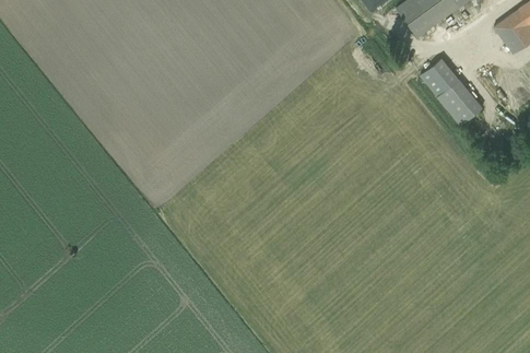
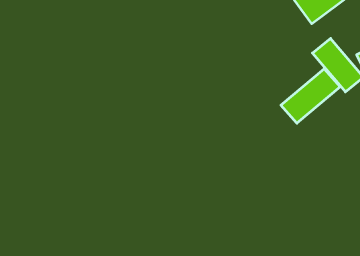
building: none -> [281,69,340,123]

